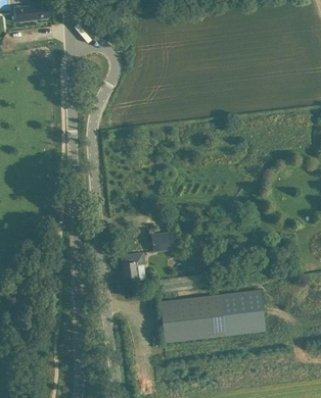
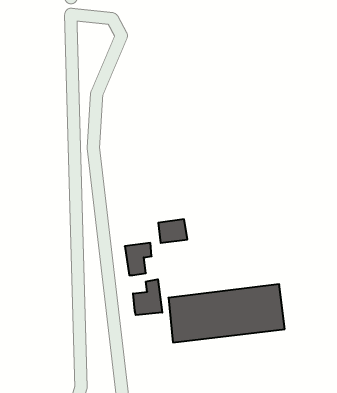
building: none -> [133,279,162,315]

